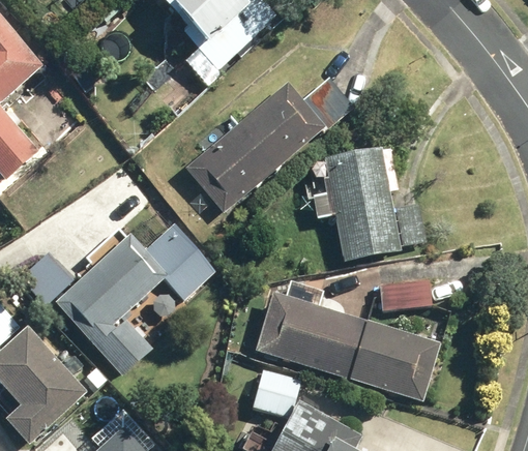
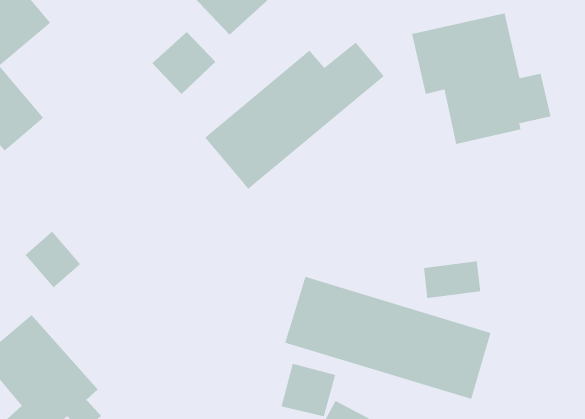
building: none -> [152,31,216,95]
building: [294,152,419,270] -> [411,13,552,145]
building: [54,220,218,375] -> none

